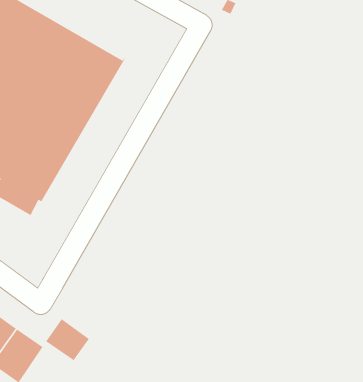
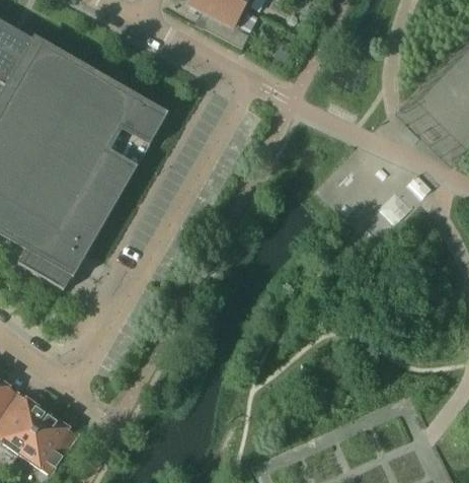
building: [45,318,90,361] -> none

